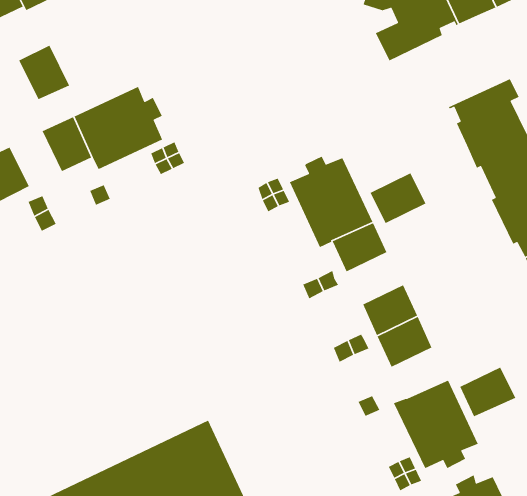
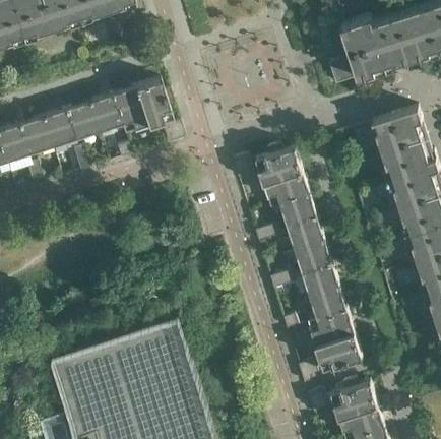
building: [18,44,70,100] -> [64,104,98,141]
building: [369,172,427,224] -> [286,220,324,253]
building: [459,367,517,417] -> [308,290,346,322]

